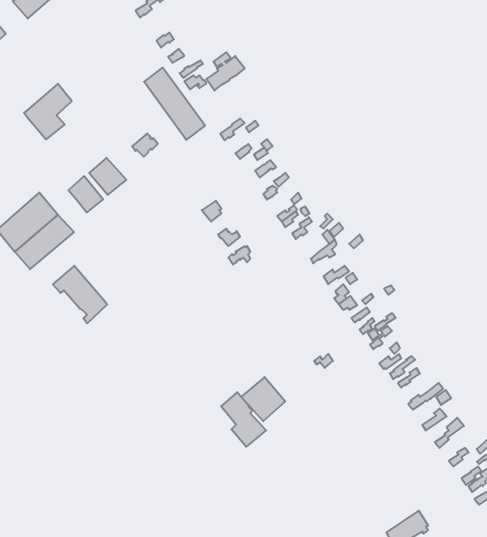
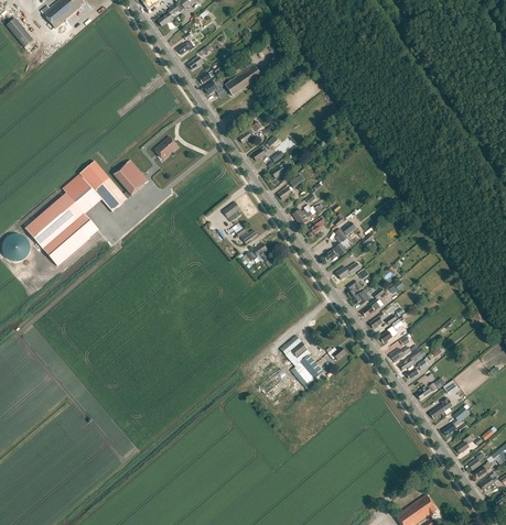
building: [144,68,205,140] -> none
building: [24,84,72,139] -> [63,161,108,214]
building: [53,266,107,323] -> none
building: [221,392,266,447] -> [281,335,324,386]

